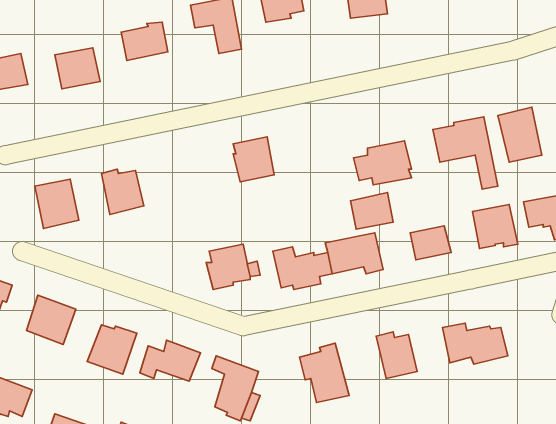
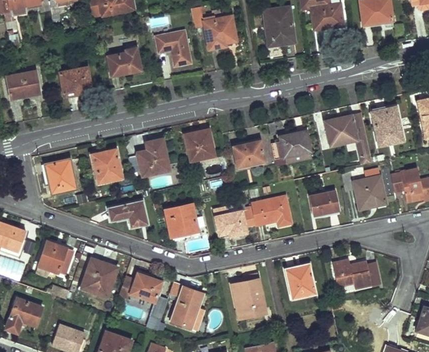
building: none -> [138,140,169,176]
building: [351,192,393,229] -> [234,141,264,167]
building: none -> [108,201,147,227]

